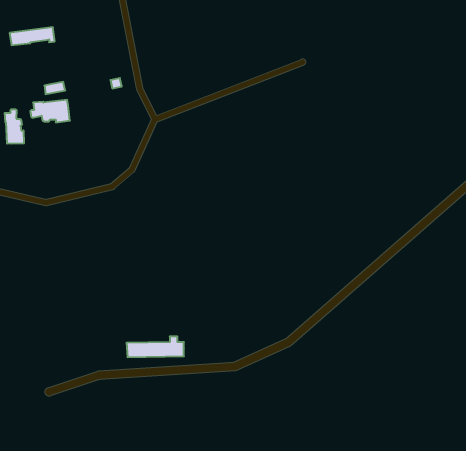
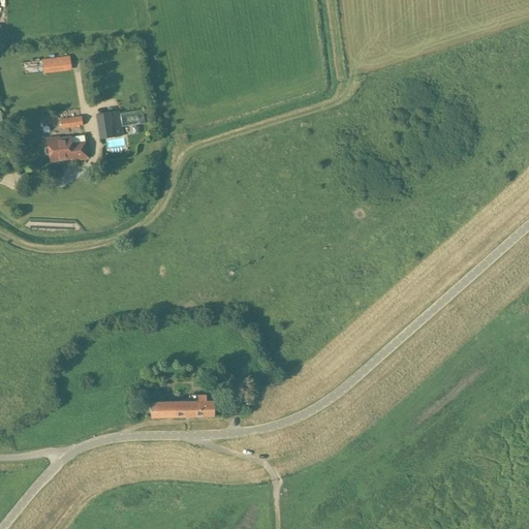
building: none -> [96,111,123,138]
building: [5,109,24,144] -> none

